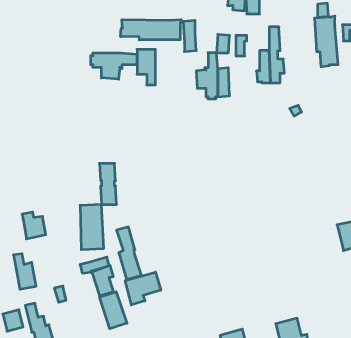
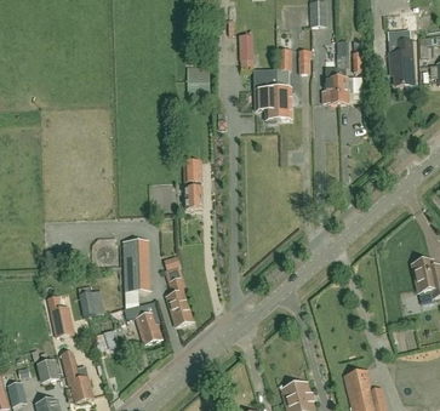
building: [121,20,181,40] -> none
building: [91,53,137,79] -> none
building: [99,163,117,204] -> [184,161,204,207]
building: [22,212,46,239] -> [79,285,105,315]
building: [125,272,161,305] -> none
building: [100,292,127,329] -> none

